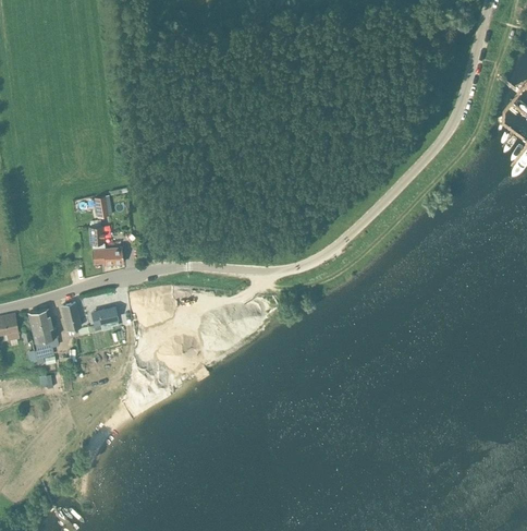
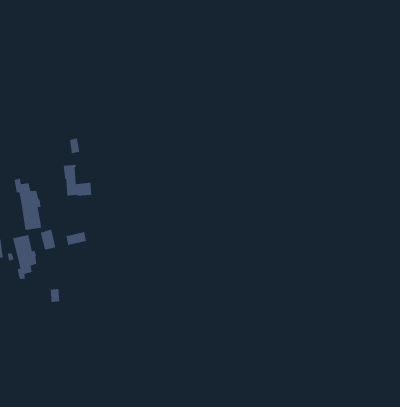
building: none -> [14,178,42,231]

